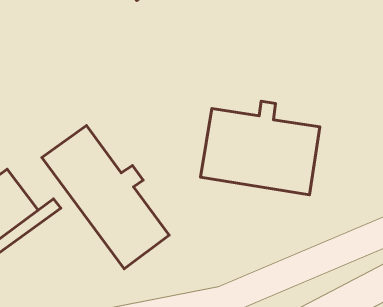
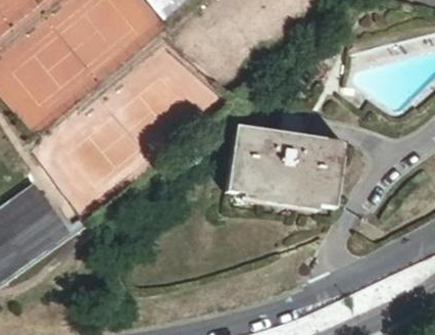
building: [42,125,169,269] -> none

